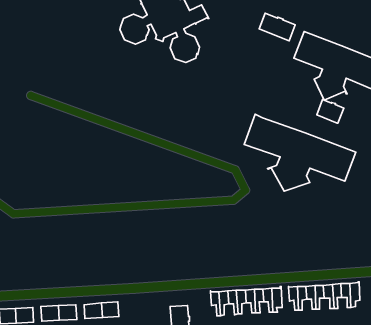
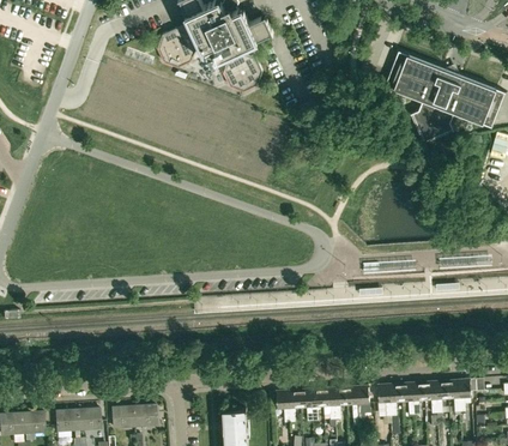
building: [259,13,295,41] -> none
building: [317,100,344,123] -> none
building: [244,114,356,191] -> none

